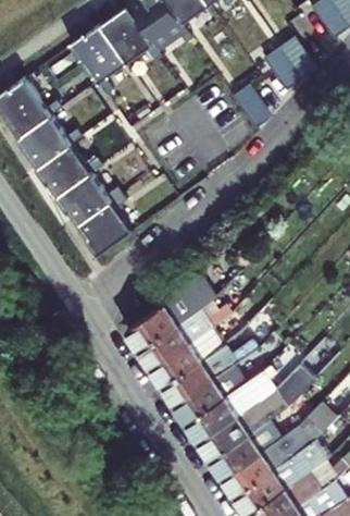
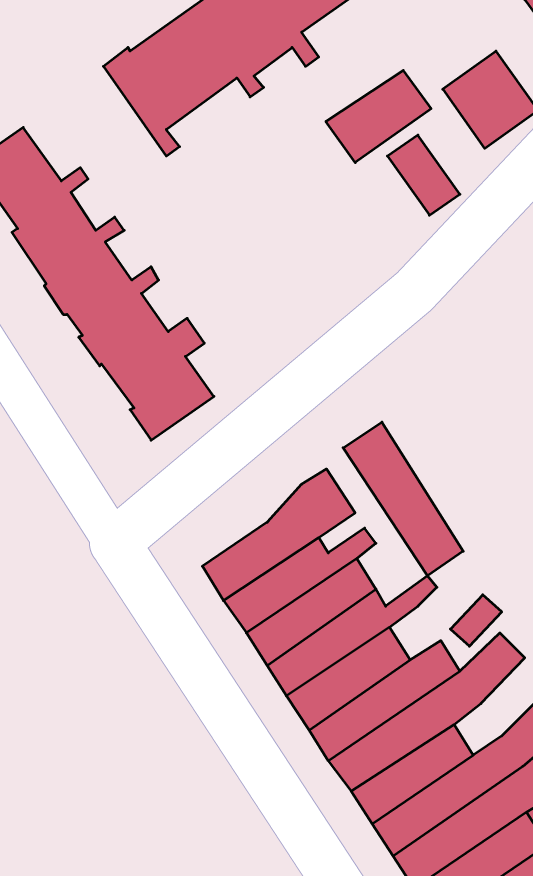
building: none -> [326,70,431,163]
building: none -> [343,422,463,576]

